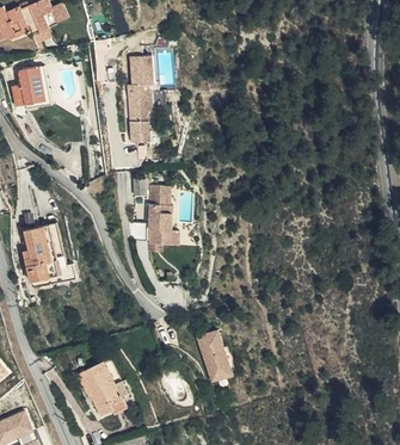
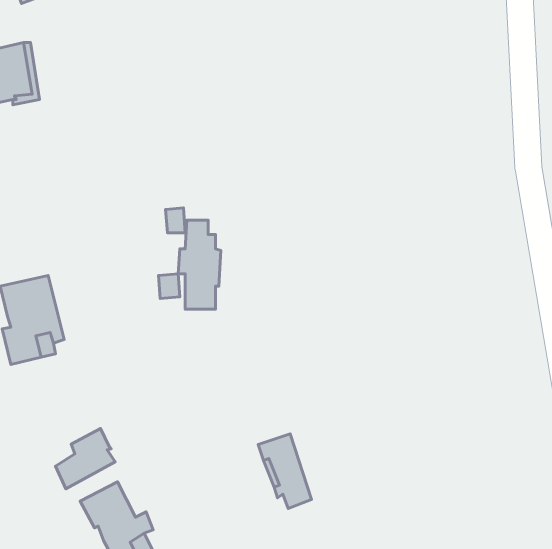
building: [125,57,150,143] -> none
building: none -> [56,428,115,489]

